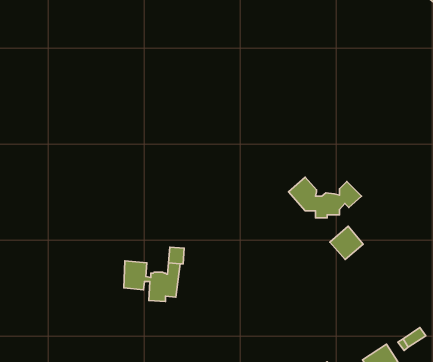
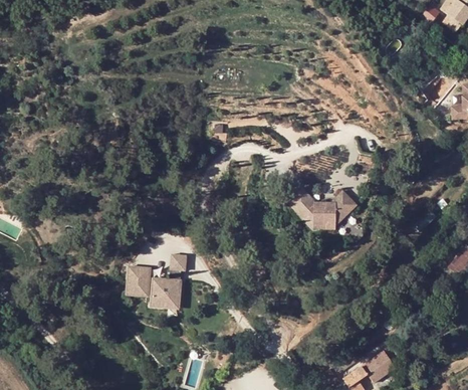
building: [330,226,363,260] -> none

